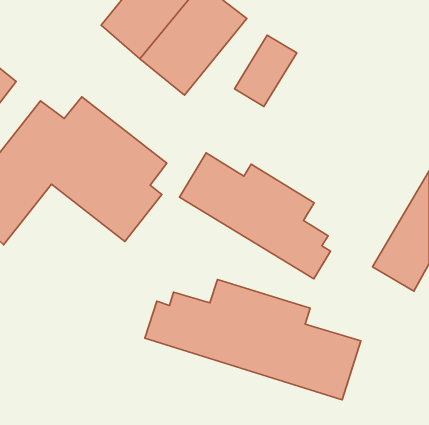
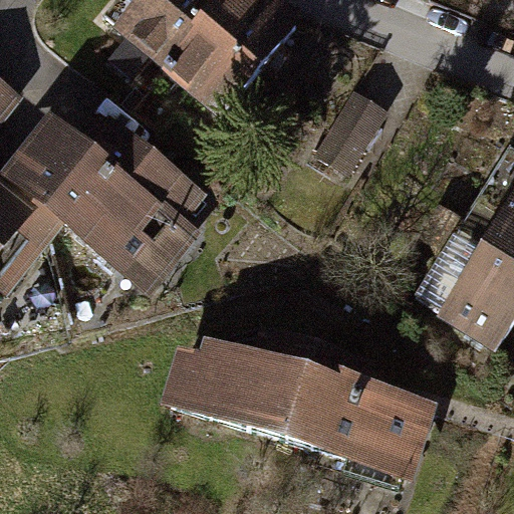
building: [234,35,297,107] -> [310,88,384,174]
building: [179,153,331,279] -> none

